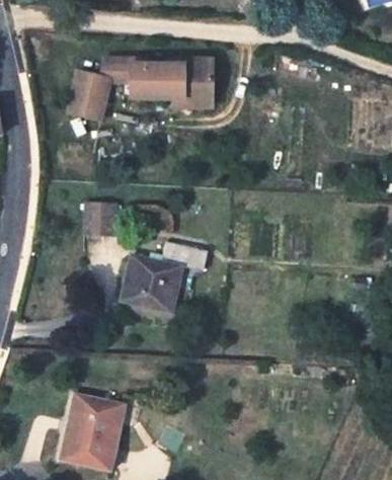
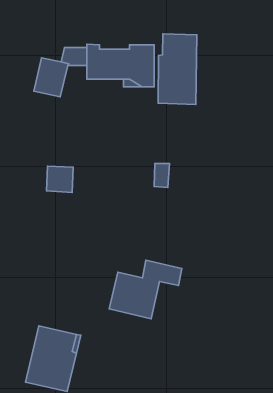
building: none -> [158,34,197,104]
building: [123,240,209,310] -> [109,260,182,319]

